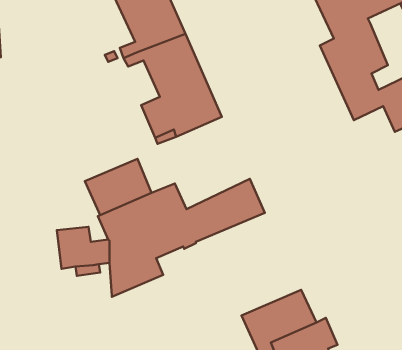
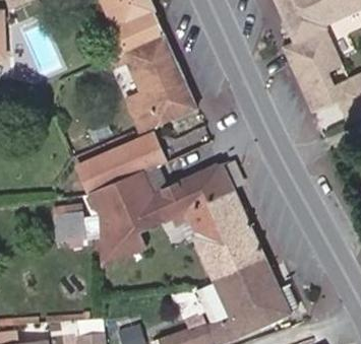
building: none -> [123,134,165,176]
building: none -> [174,193,265,282]

